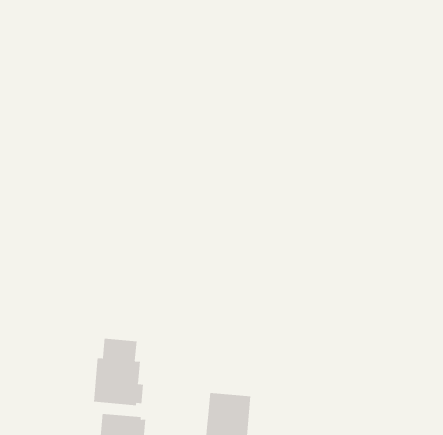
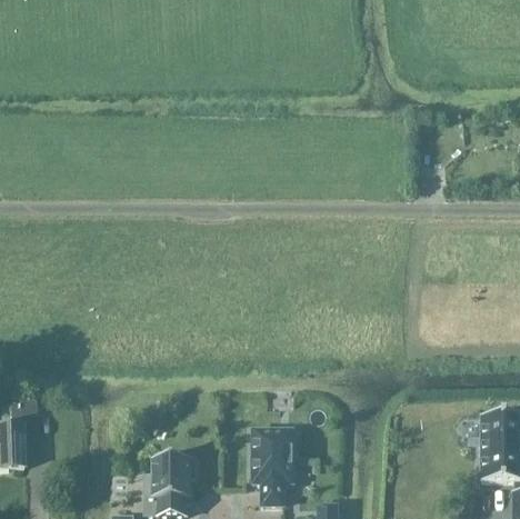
building: [93,338,143,406] -> none

